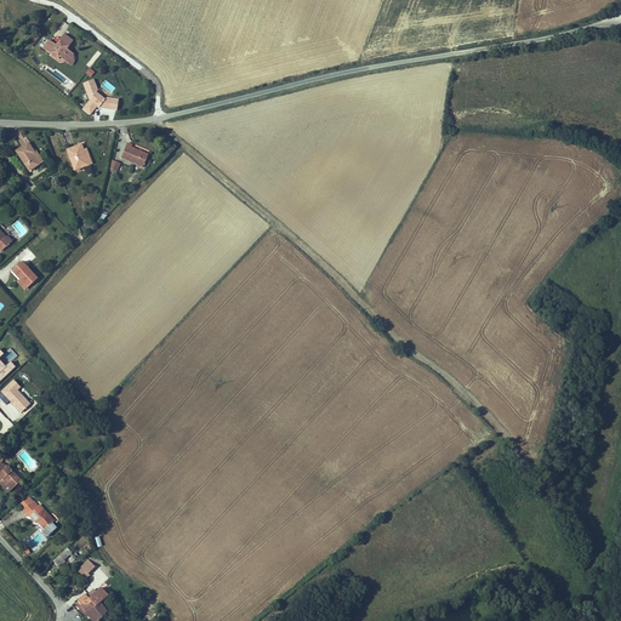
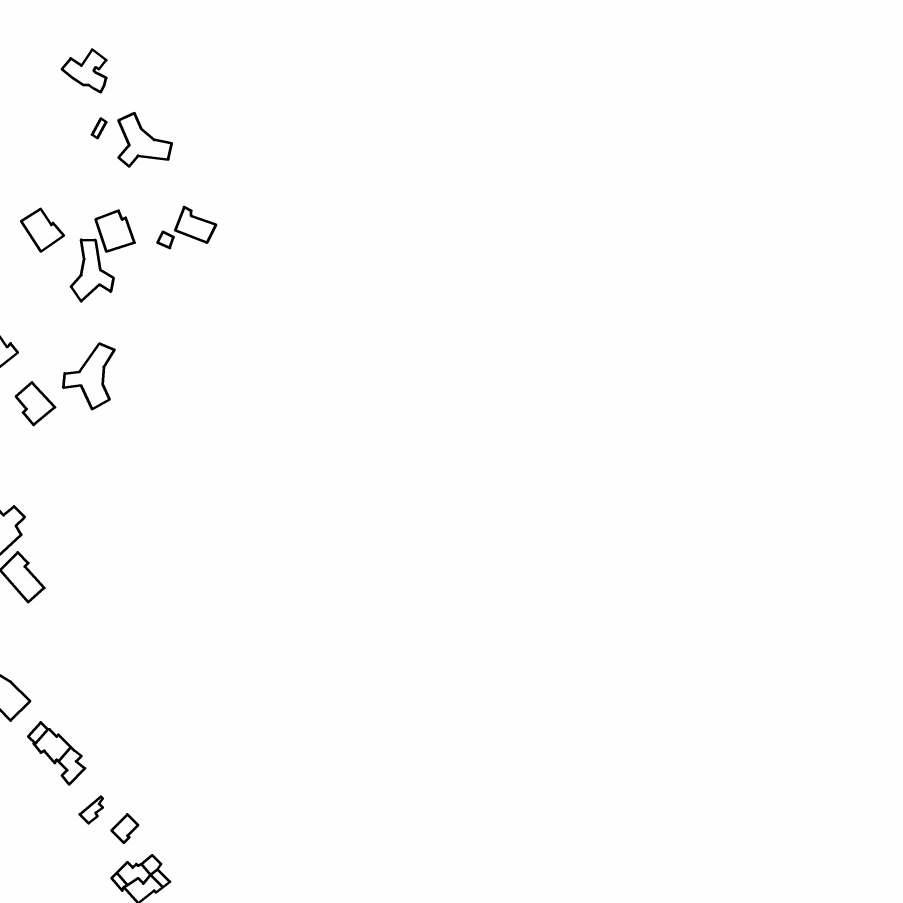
building: none -> [71,240,113,301]
building: none -> [64,344,114,409]

